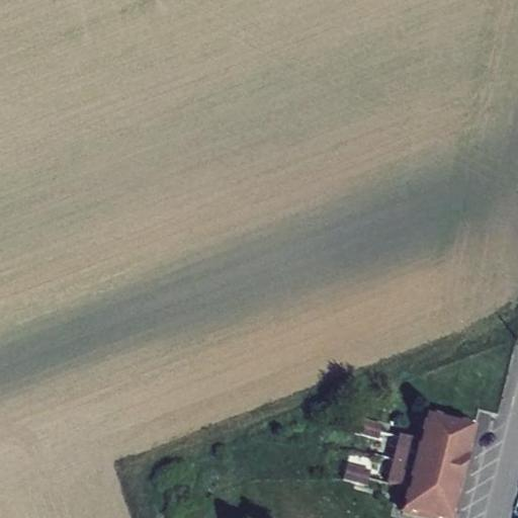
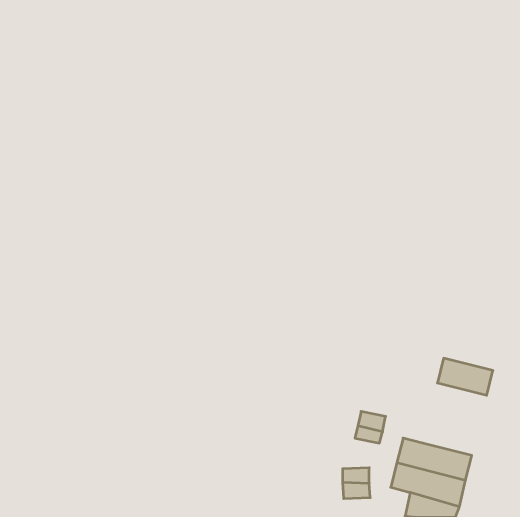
building: [421,413,476,449] -> [437,358,493,395]

